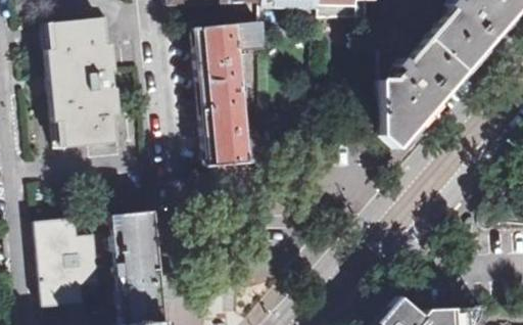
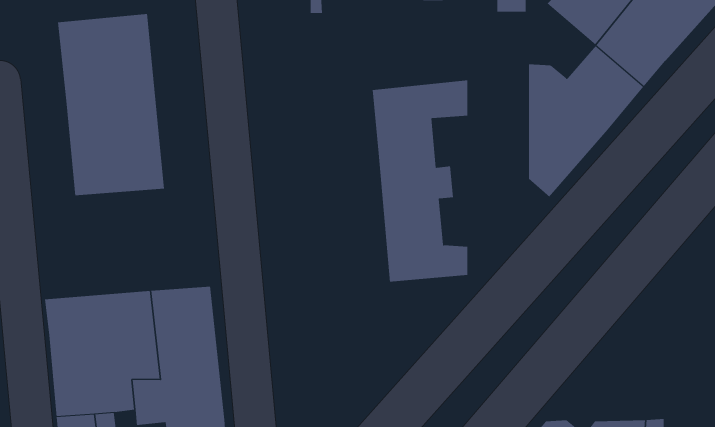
building: [195,22,264,167] -> [372,80,468,282]

